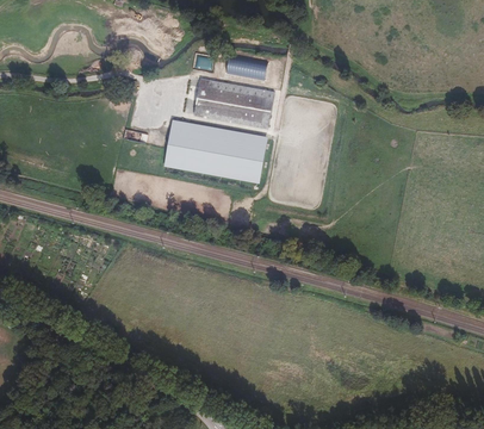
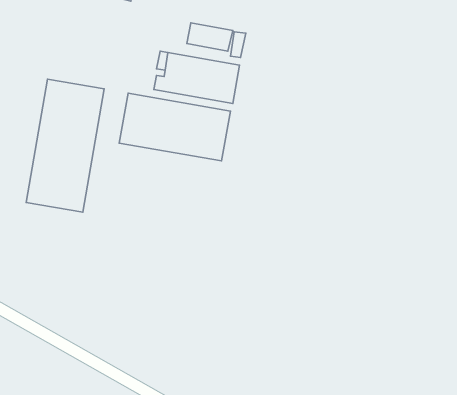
building: none -> [26,79,104,212]

